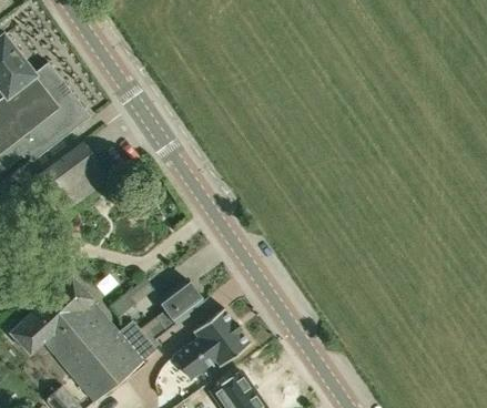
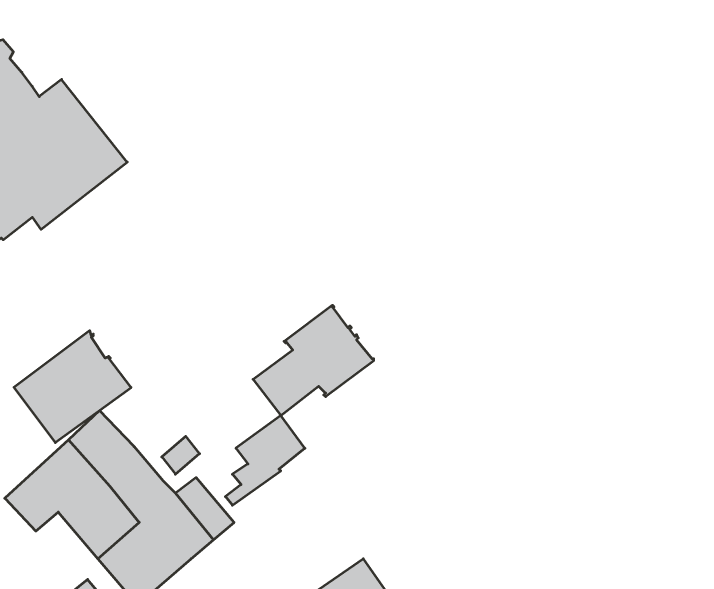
building: [35,142,111,214] -> [14,331,131,443]
building: [173,308,251,379] -> [253,305,374,416]

